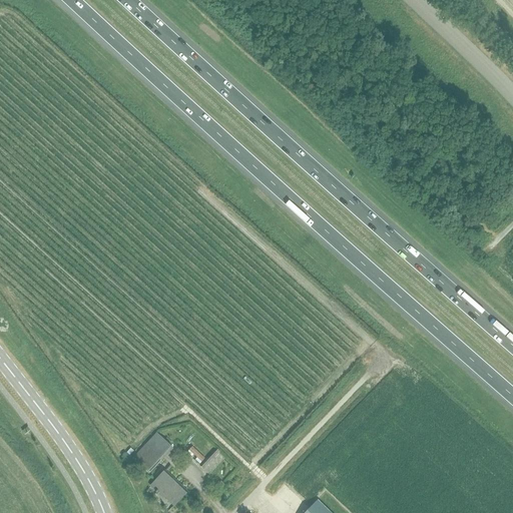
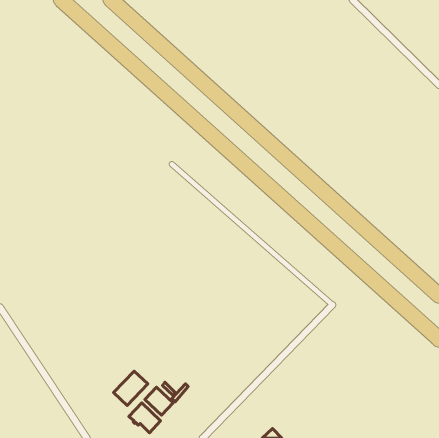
building: none -> [145,387,173,415]

